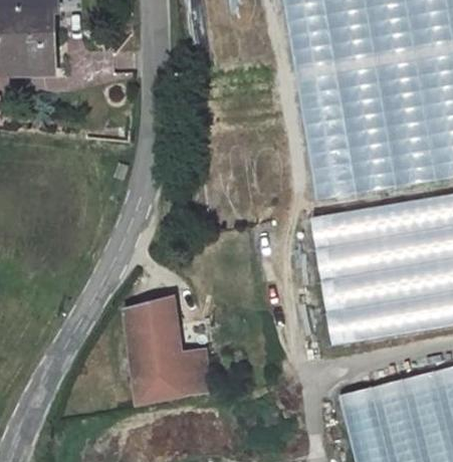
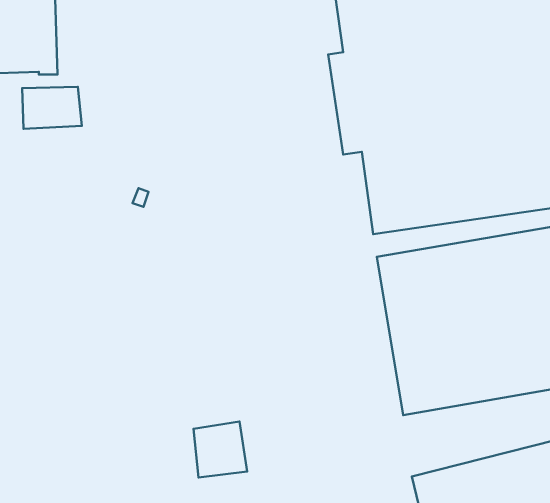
building: none -> [22,87,82,129]
building: [128,301,176,402] -> none

